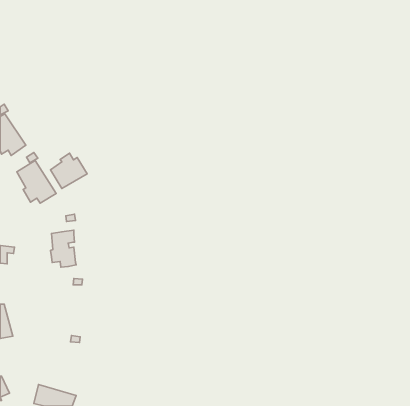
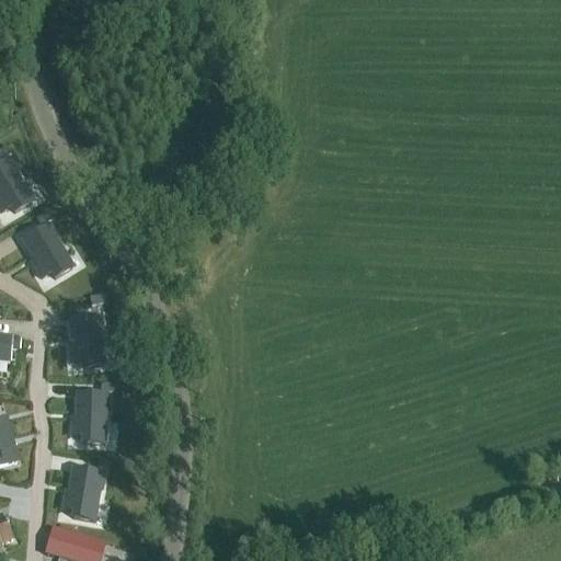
building: [50,153,87,188] -> none
building: none -> [72,392,107,442]
building: none -> [62,468,103,518]

